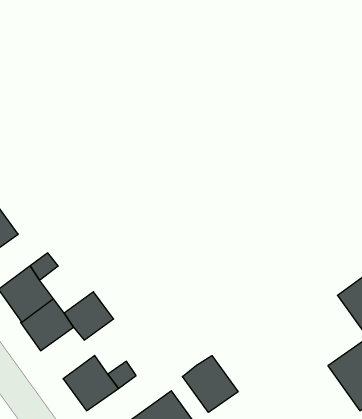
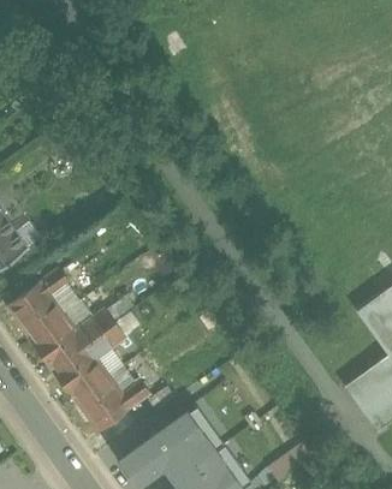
building: none -> [53,345,108,398]
building: [182,356,238,412] -> none

